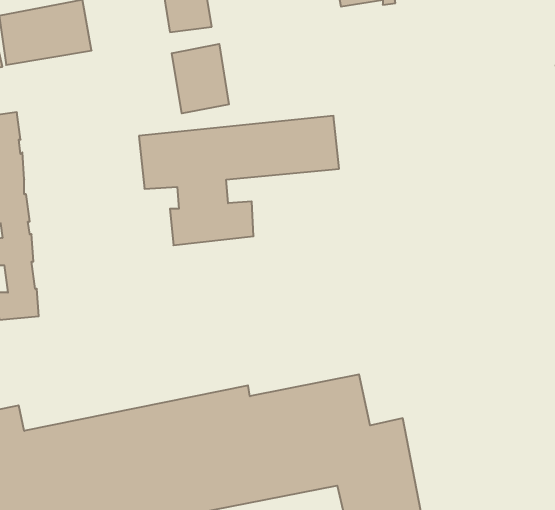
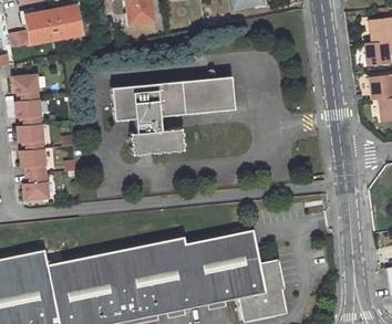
building: [172,44,229,113] -> none

